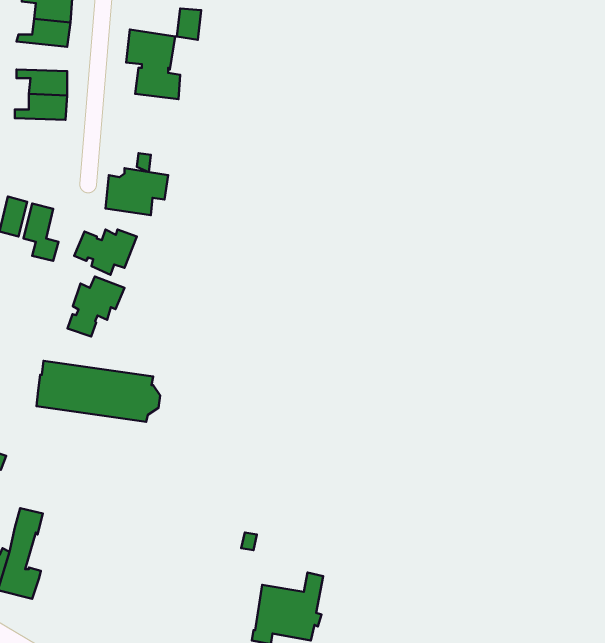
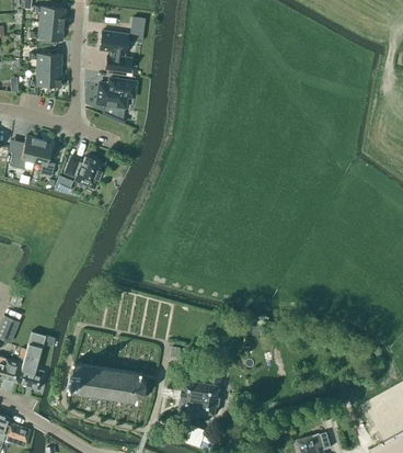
building: [105,168,168,215] -> [97,79,137,109]
building: [68,276,124,337] -> none
building: [37,361,160,422] -> [70,364,148,403]

